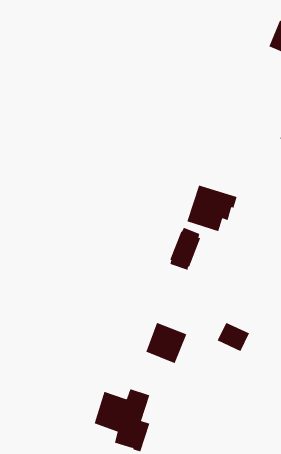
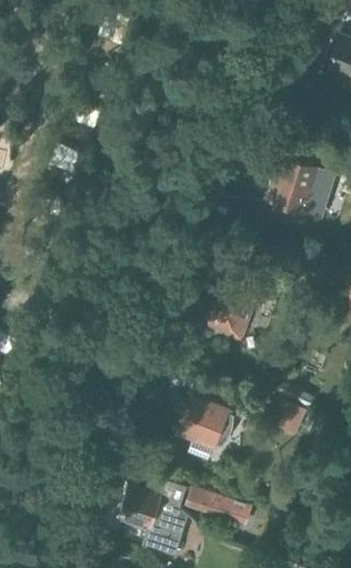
building: [187,185,237,232] -> [269,159,330,215]
building: none -> [187,488,252,526]

